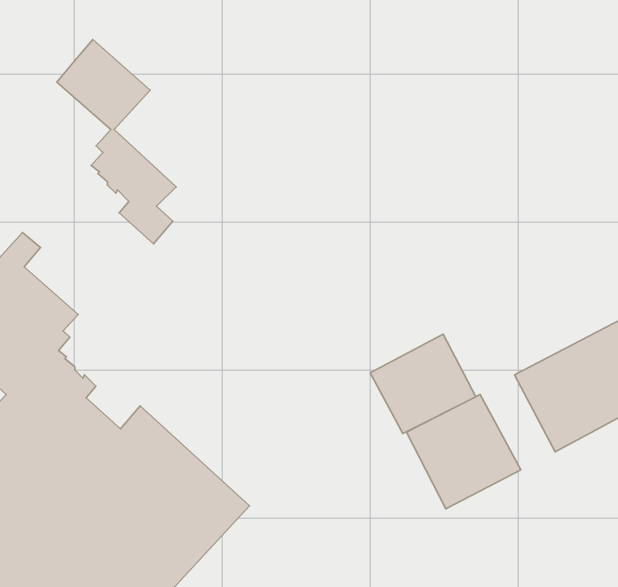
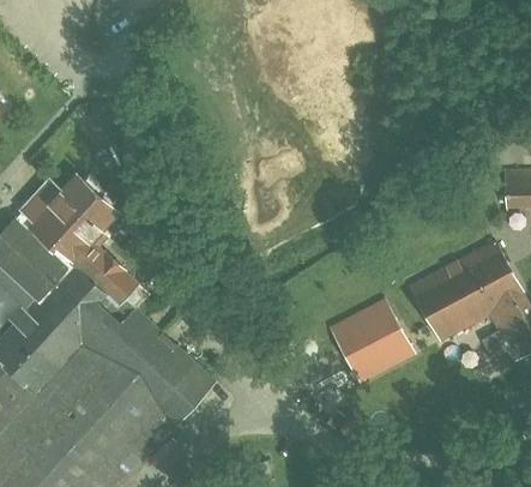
building: [57,40,176,244] -> [49,175,137,325]
building: [370,334,476,433] -> none

